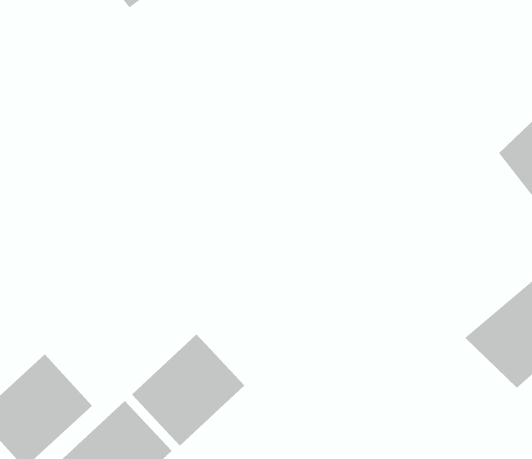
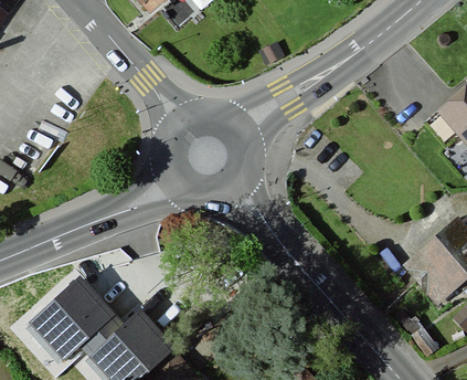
building: [131,333,245,446] -> none

